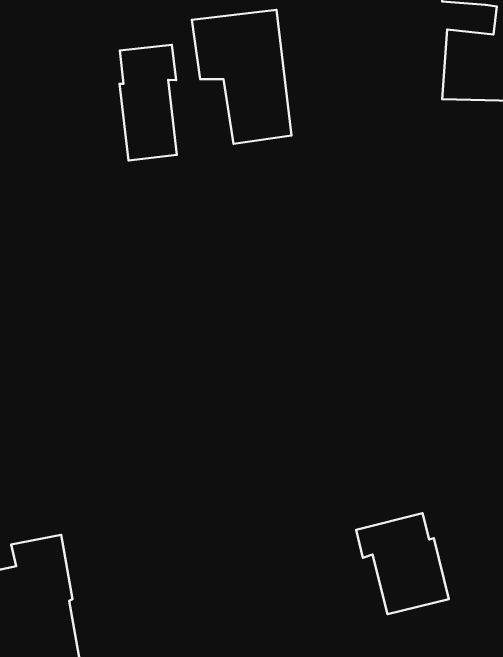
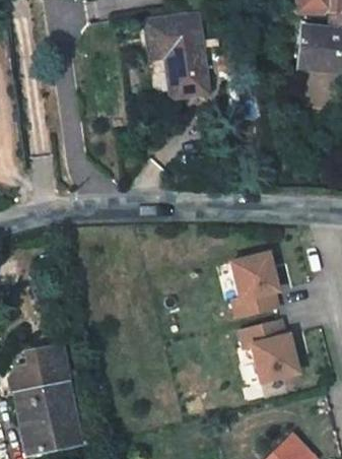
building: [119,45,177,161] -> none
building: none -> [234,256,282,320]

